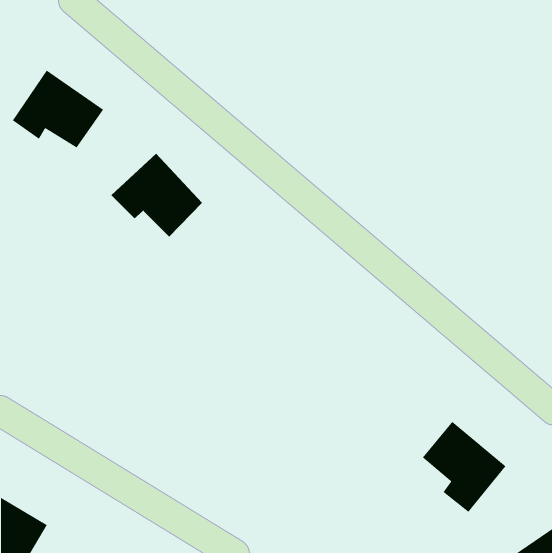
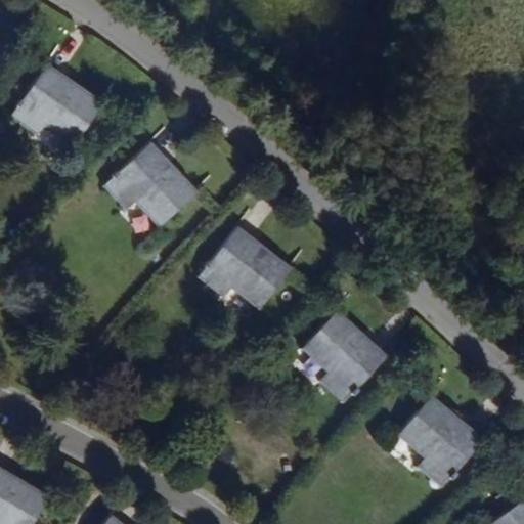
building: none -> [199,228,290,307]
building: none -> [304,313,385,401]

